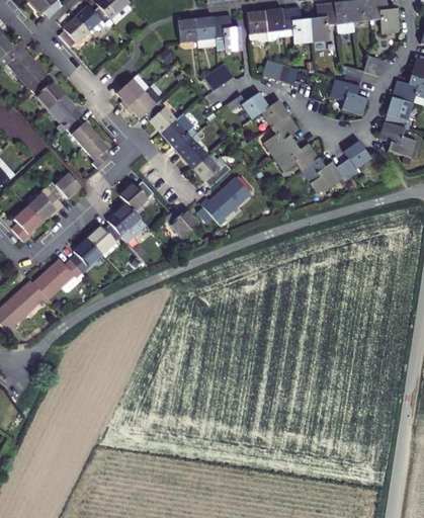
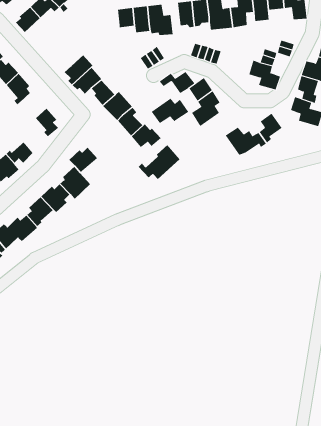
building: [65,117,95,147] -> none
building: [273,141,318,171] -> [151,98,189,124]
building: [164,206,197,238] -> none

